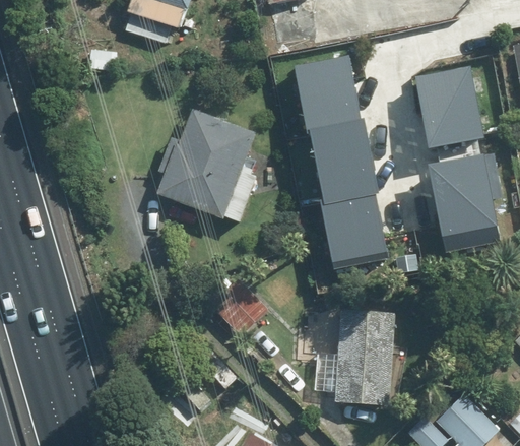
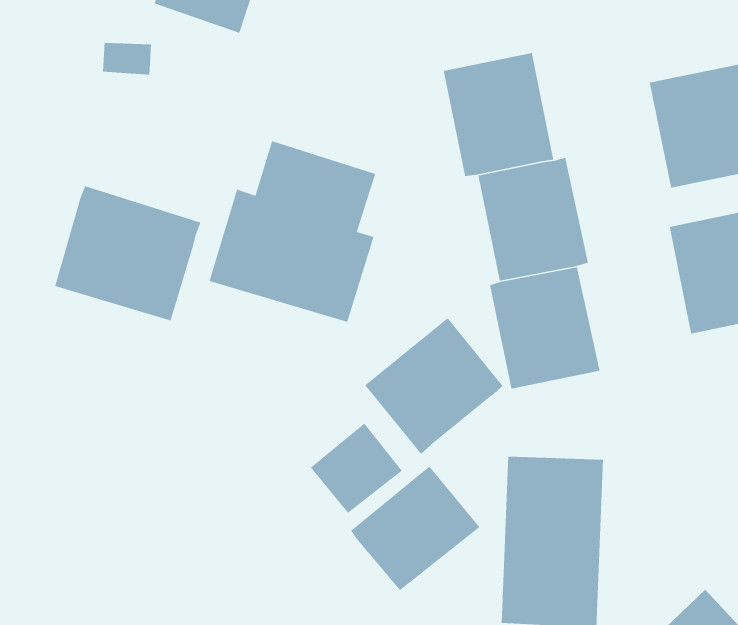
building: none -> [54,185,201,322]
building: none -> [364,317,504,455]
building: none -> [350,465,480,591]

